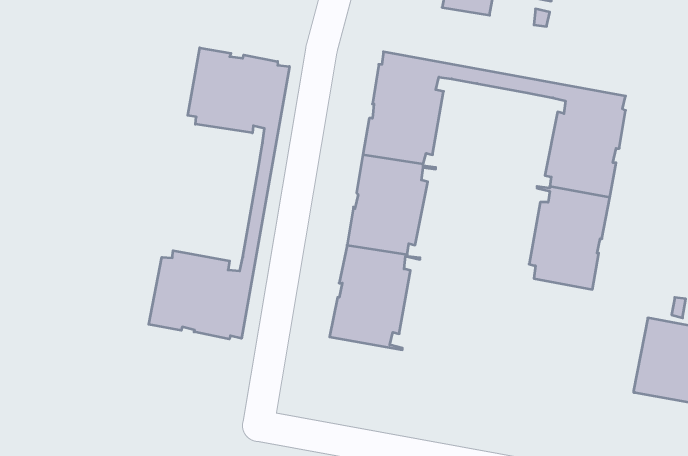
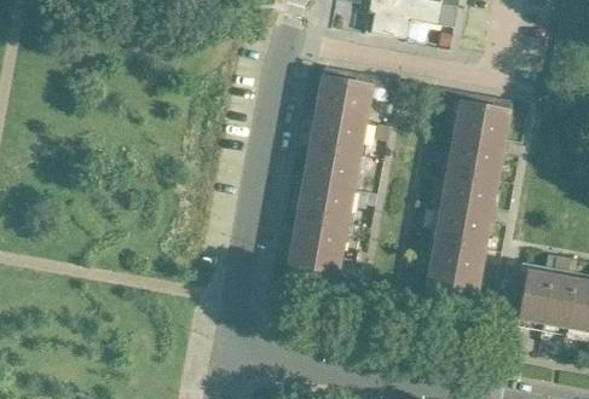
building: [149,48,289,339] -> none
building: none -> [417,233,485,314]

